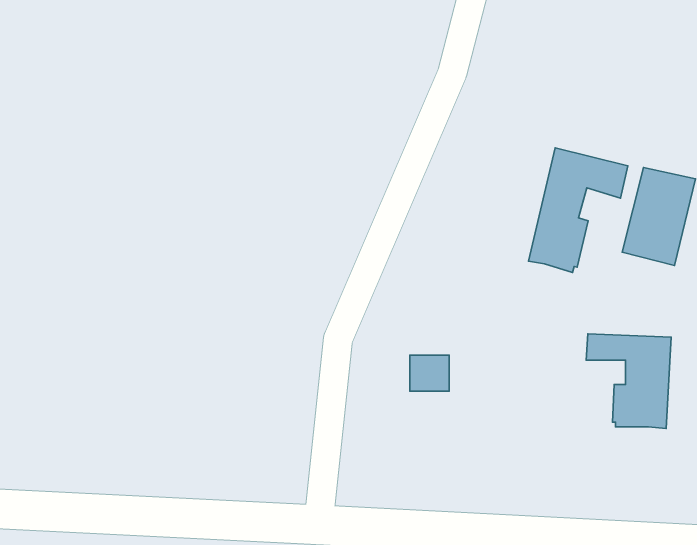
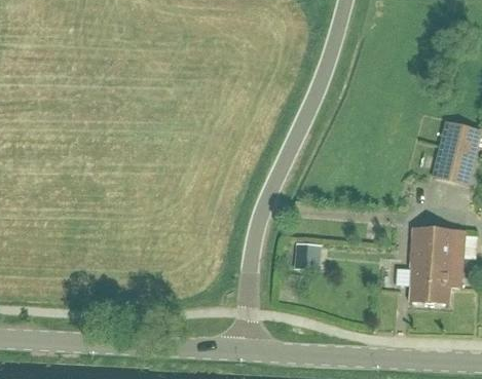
building: [529,148,628,272] -> none
building: none -> [409,243,449,304]

